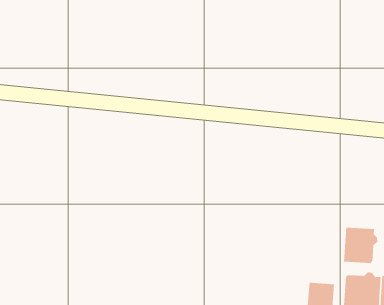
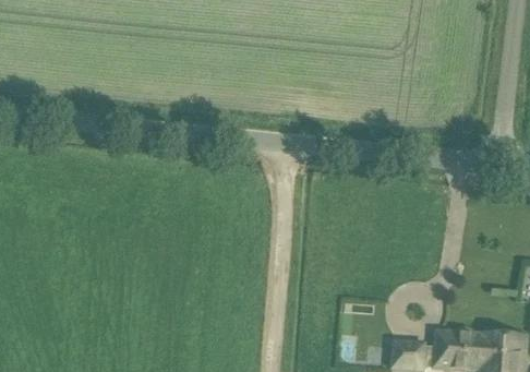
building: [343,227,378,264] -> none

